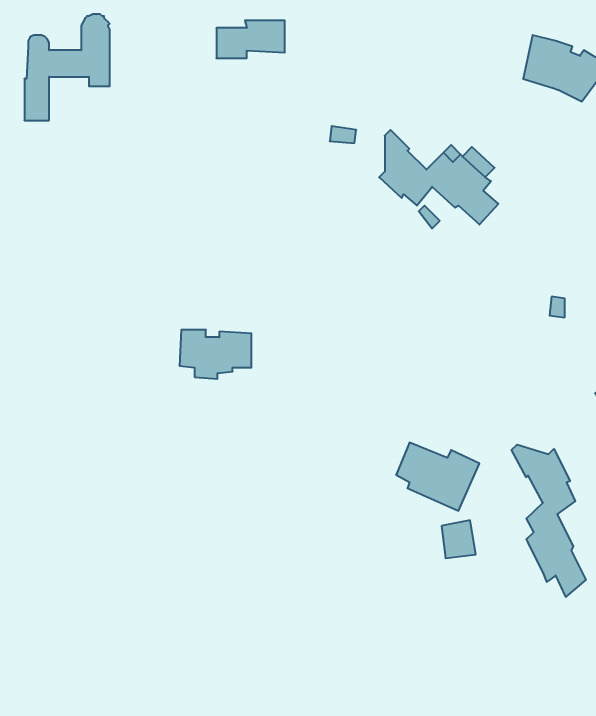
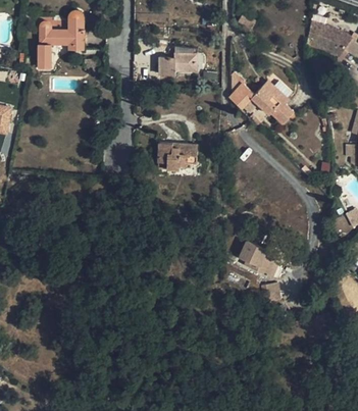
building: [216,20,285,58] -> [159,53,196,73]
building: [179,330,251,379] -> [158,143,197,169]
building: [512,445,586,597] -> none

